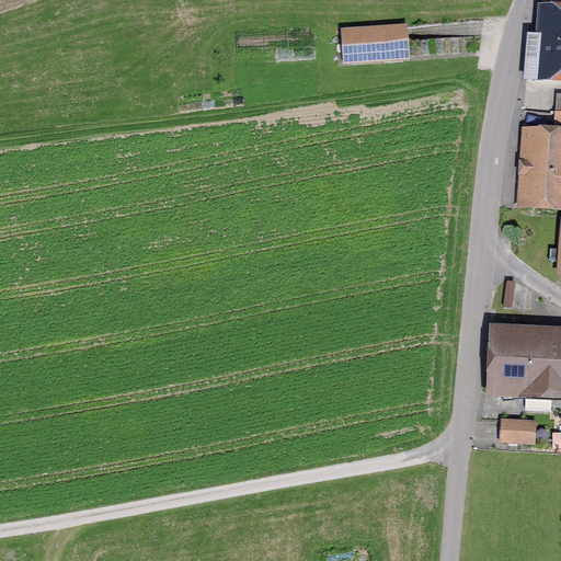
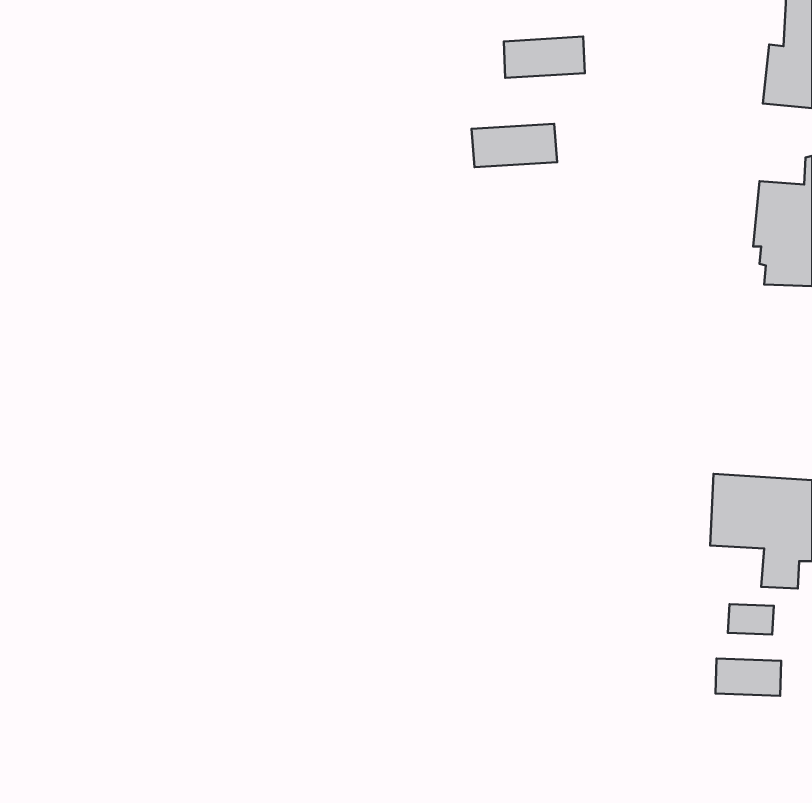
building: none -> [472,124,557,167]
building: none -> [716,659,781,696]

